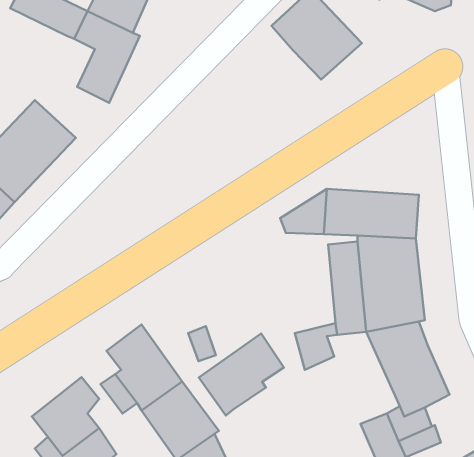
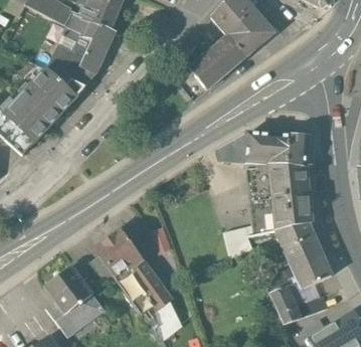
building: none -> [49,25,97,82]
building: none -> [189,35,242,86]
building: [199,334,284,415] -> none

